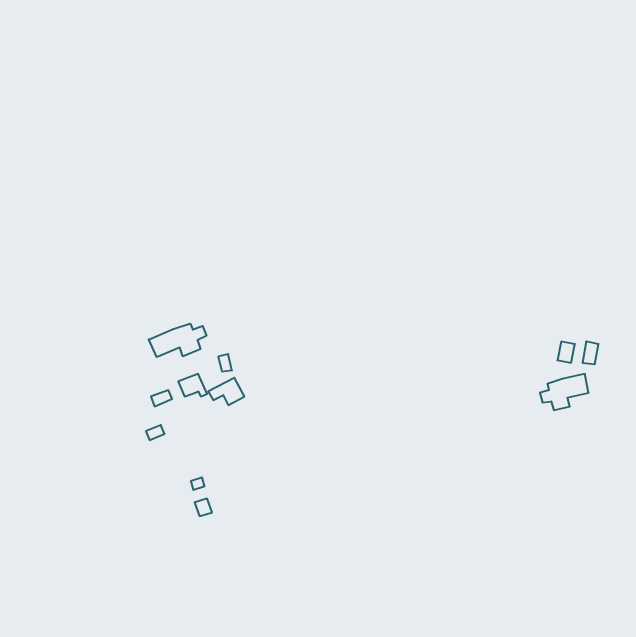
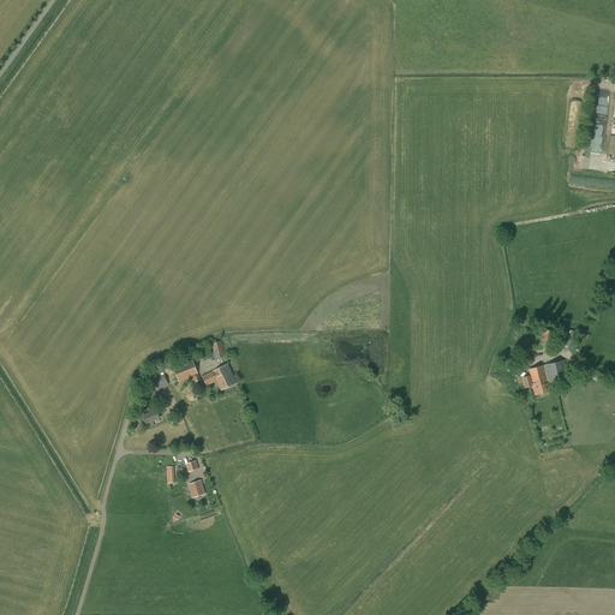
building: [149,324,206,357] -> none

